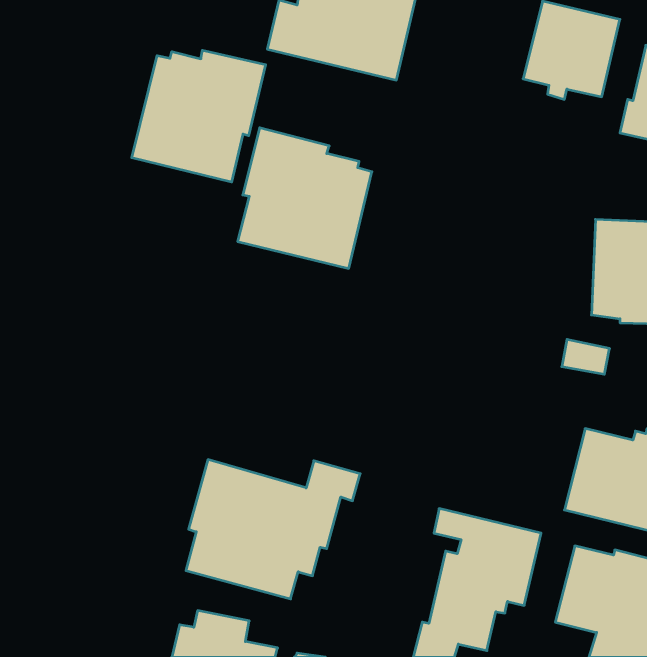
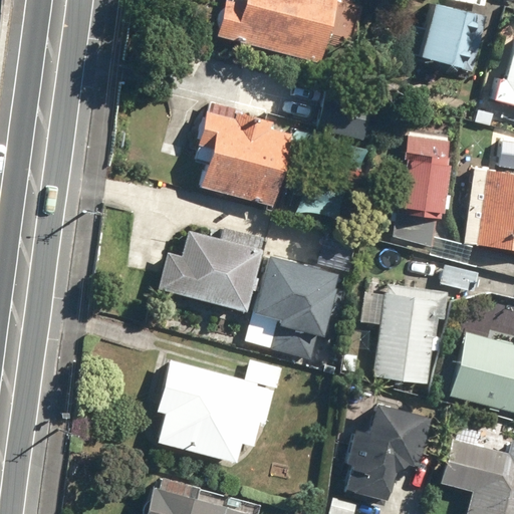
building: [132,50,266,182] -> none
building: none -> [398,123,452,217]
building: none -> [161,228,268,315]
building: none -> [247,259,350,345]
building: none -> [363,271,450,383]

